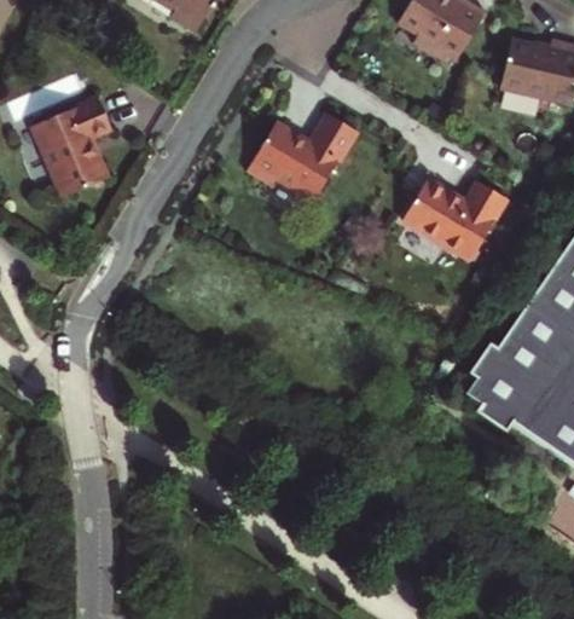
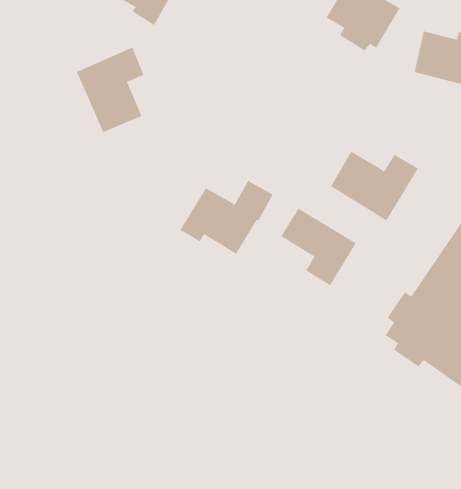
building: [33,97,112,197] -> [76,47,144,133]
building: [248,114,358,201] -> [180,180,274,255]
building: none -> [280,208,356,286]

